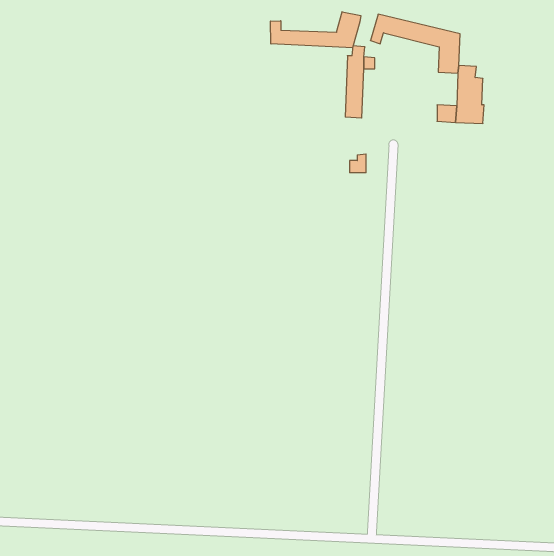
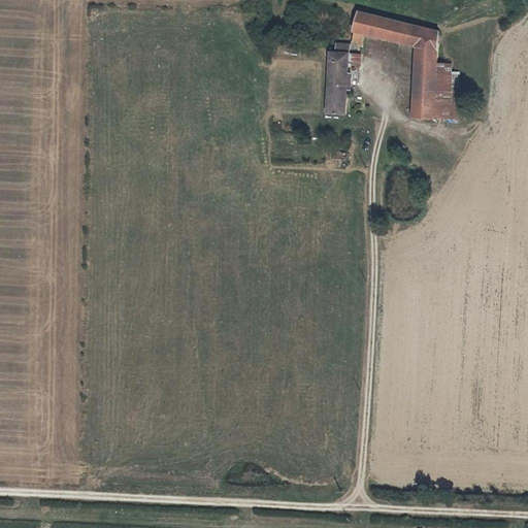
building: [271,12,361,48] -> none
building: none -> [412,68,432,100]

